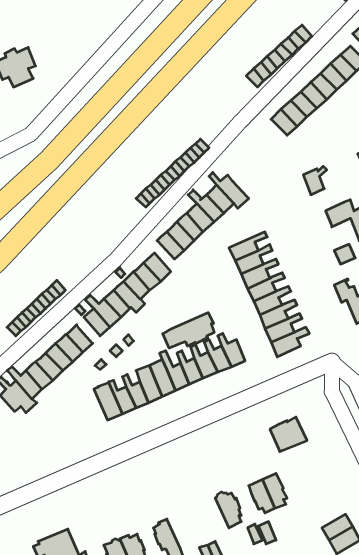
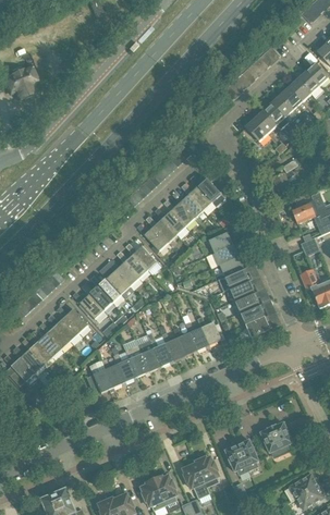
building: [163,313,214,348] -> none
building: [270,417,307,452] -> [260,421,293,452]
building: none -> [183,461,210,498]
building: none -> [154,475,178,505]

